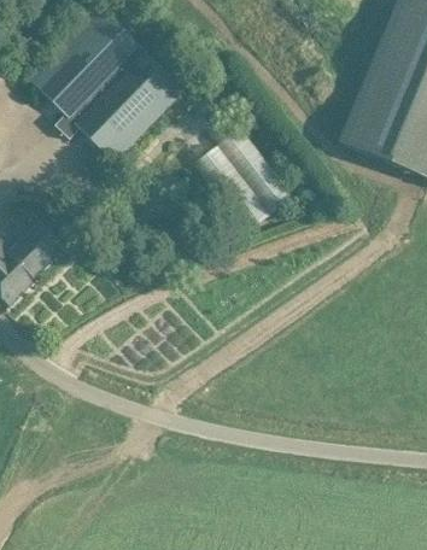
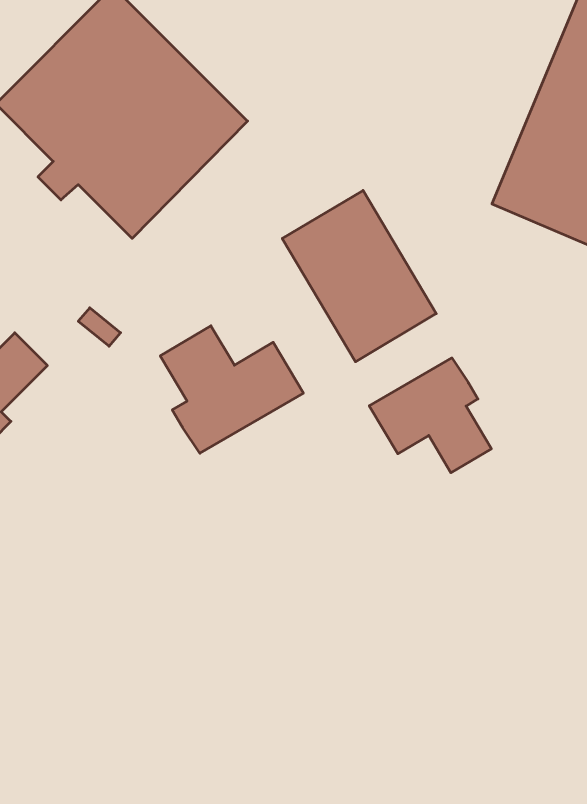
building: none -> [160,326,303,453]
building: none -> [369,358,491,473]

